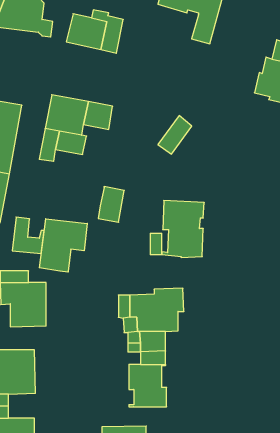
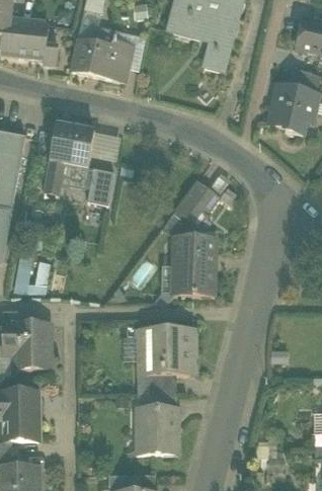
building: [158,116,192,154] -> [175,180,211,221]
building: [98,187,124,222] -> [87,168,114,206]
building: [39,219,87,272] -> none

